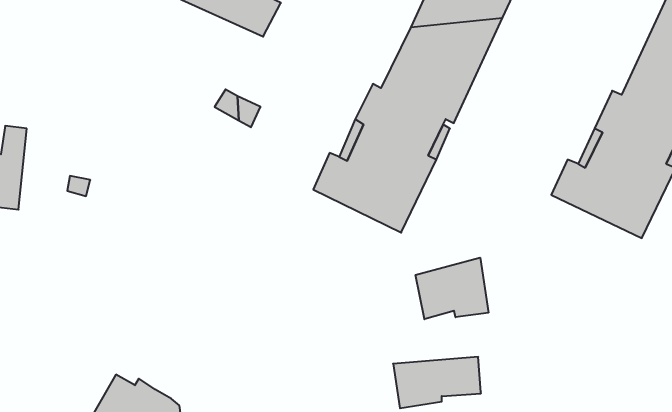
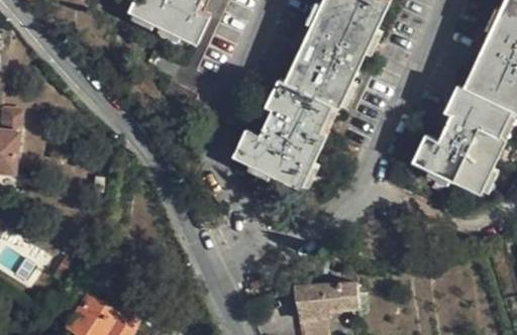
building: [416,258,488,319] -> none

